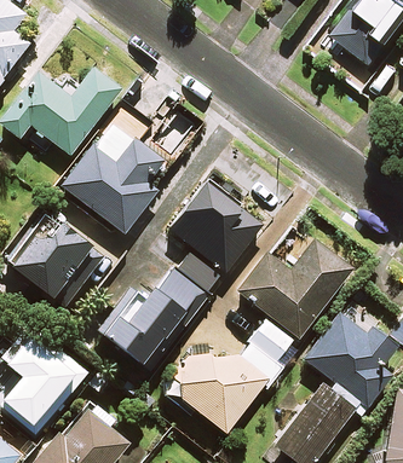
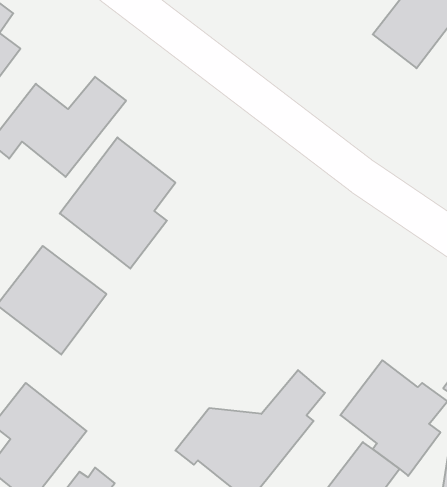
building: [168,180,261,271] -> none
building: [238,239,352,337] -> none
building: [99,253,221,370] -> none

